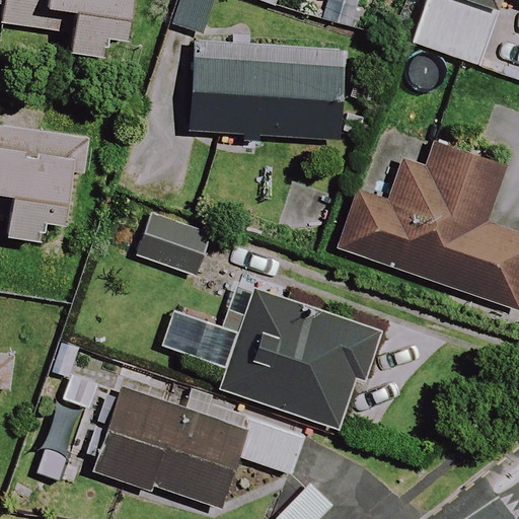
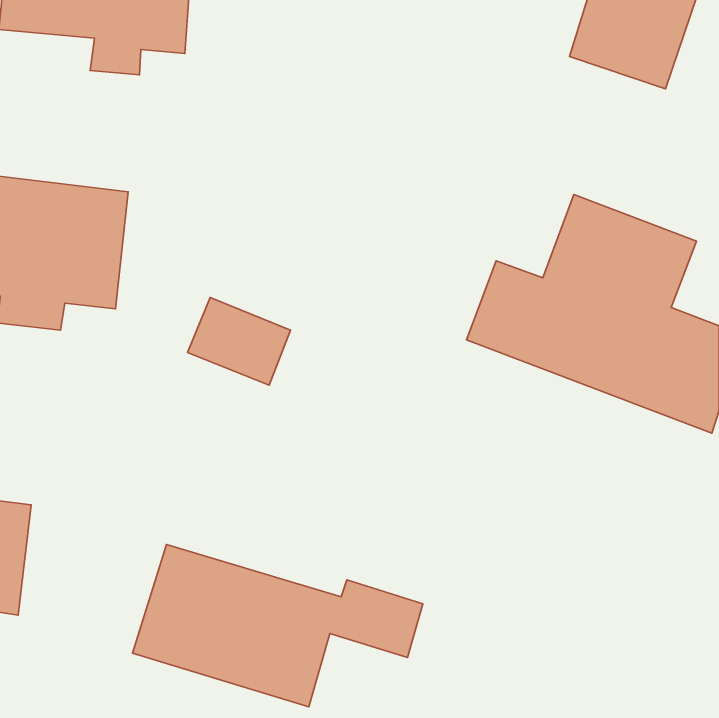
building: [189,46,345,138] -> none
building: [153,287,382,427] -> none

